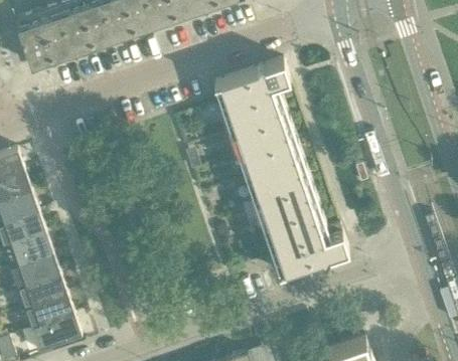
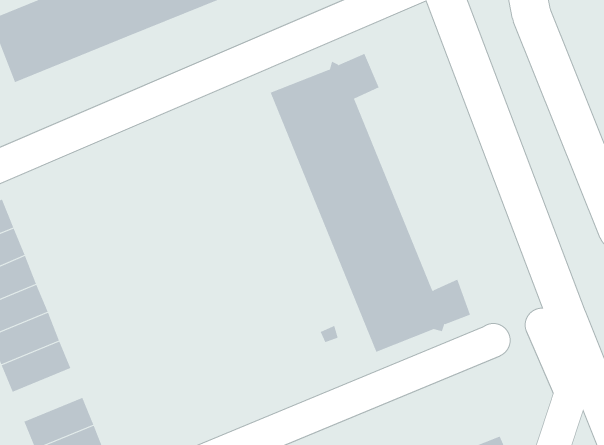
building: [17,277,67,313] -> none

